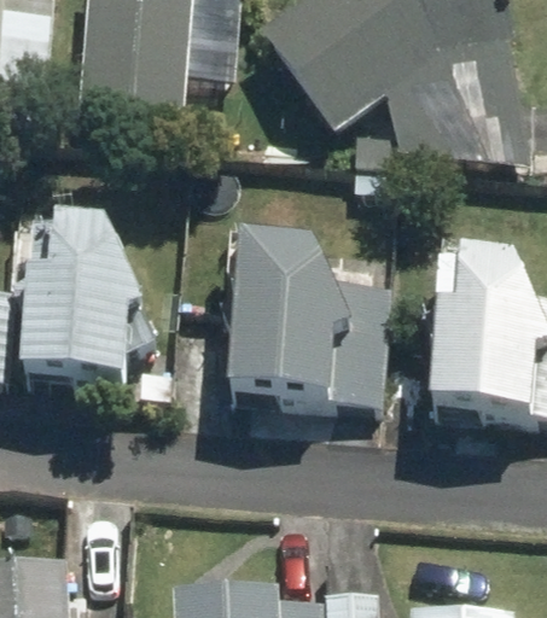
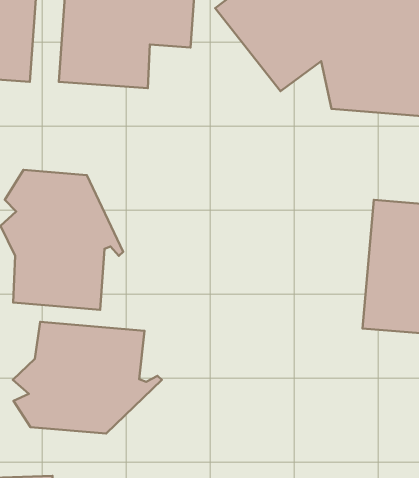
building: [231,240,390,403] -> none
building: none -> [13,322,162,434]

